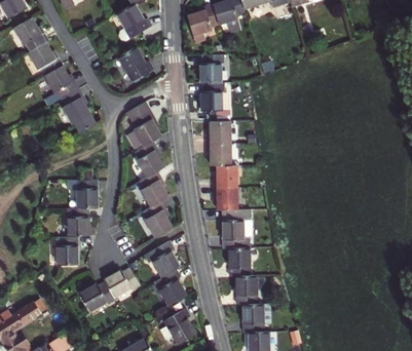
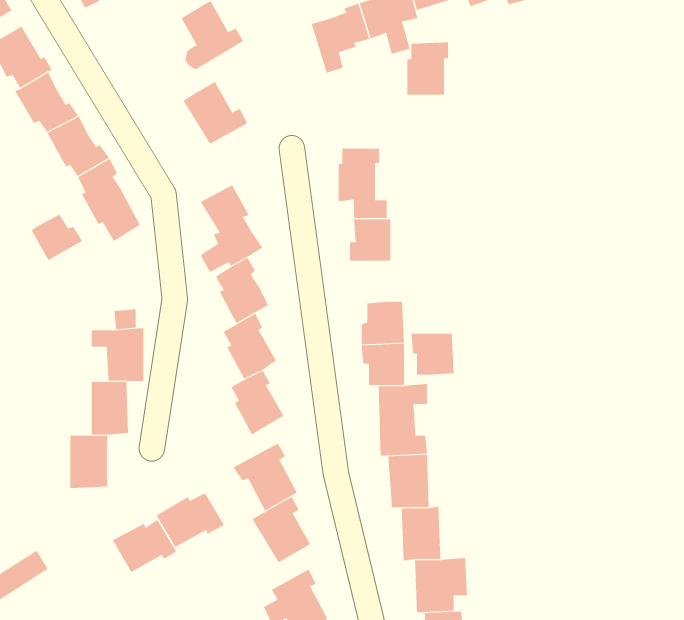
building: [200,54,223,83] -> [407,42,449,95]
building: none -> [31,214,83,261]
building: [208,144,231,166] -> [410,333,454,375]

